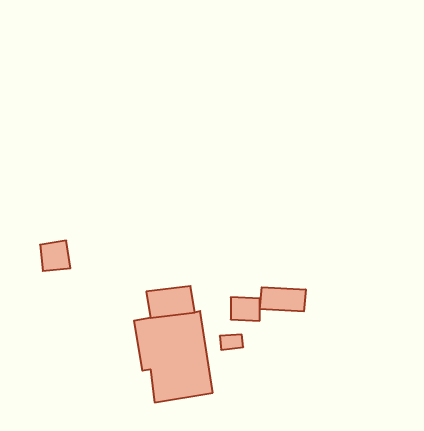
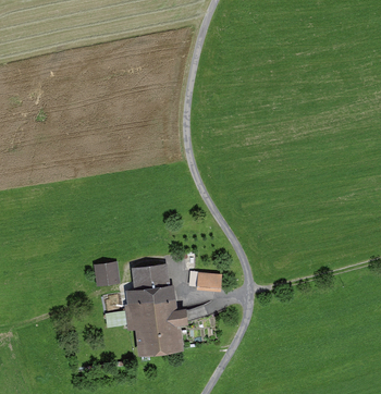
building: [40,241,70,271] -> [93,262,116,286]
building: [260,287,306,311] -> none

